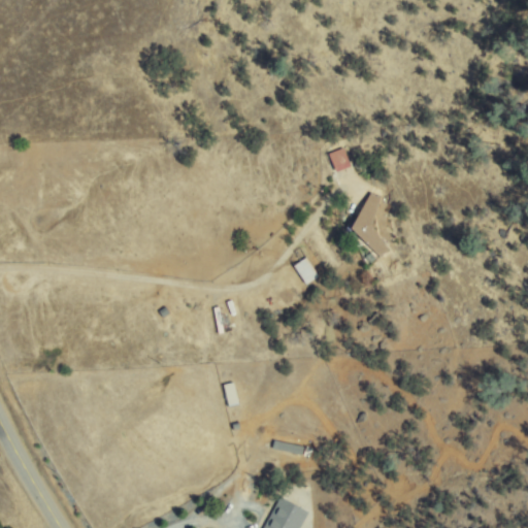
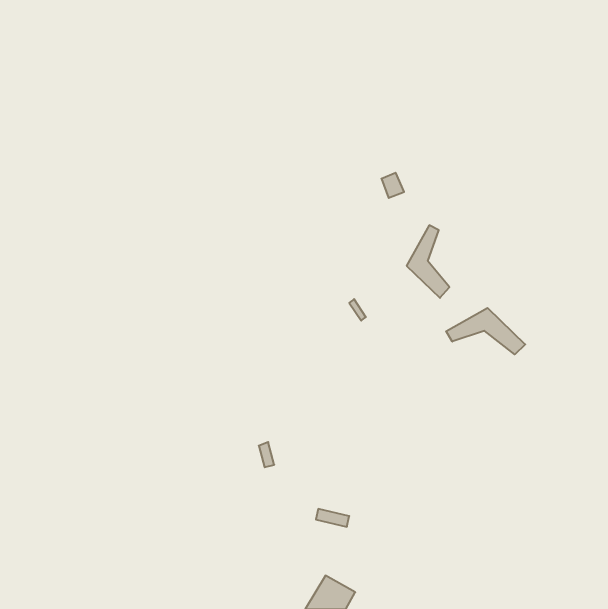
building: none -> [446,308,525,354]

